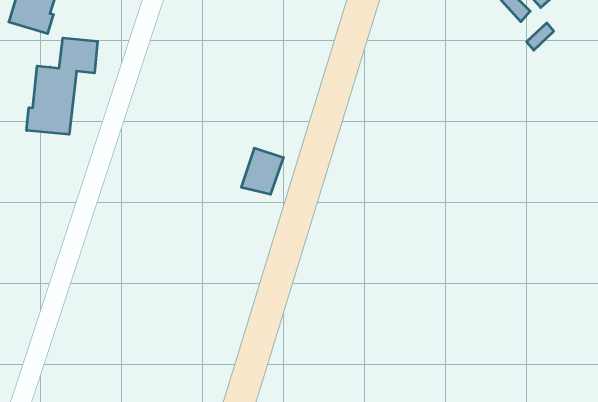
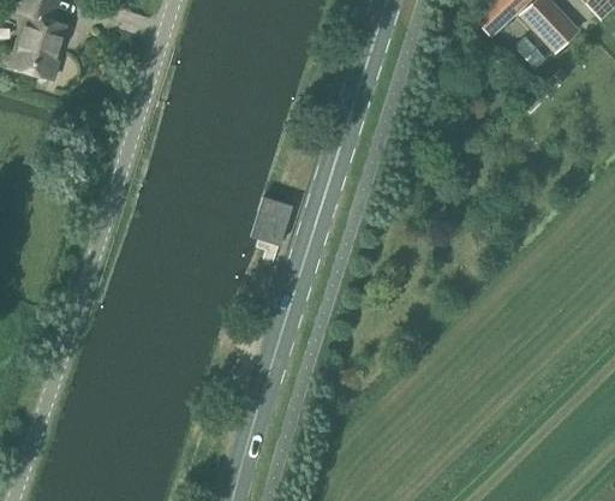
building: [27,38,98,134] -> none

